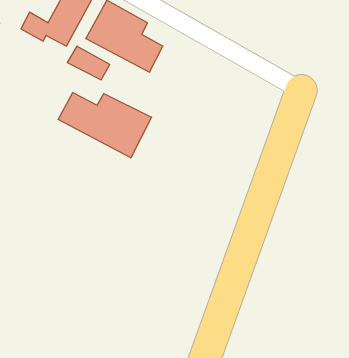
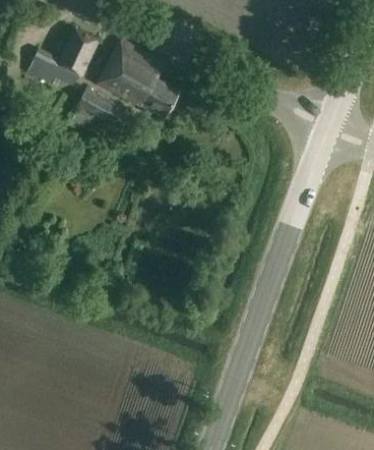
building: [58,93,152,158] -> none

